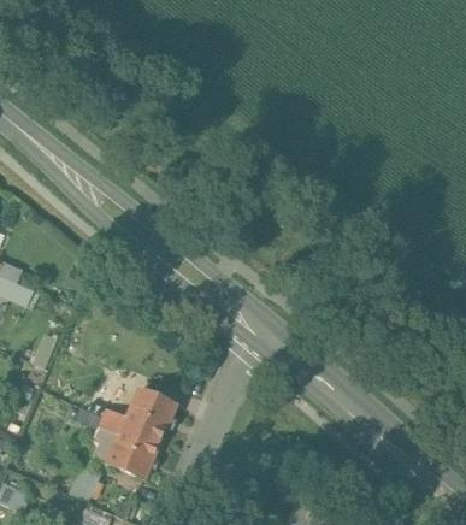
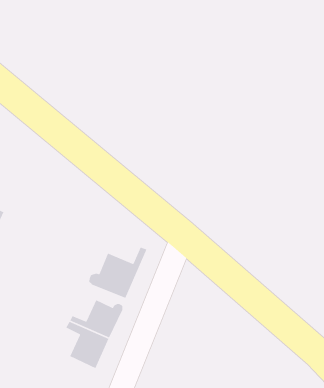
building: none -> [89,246,147,299]

